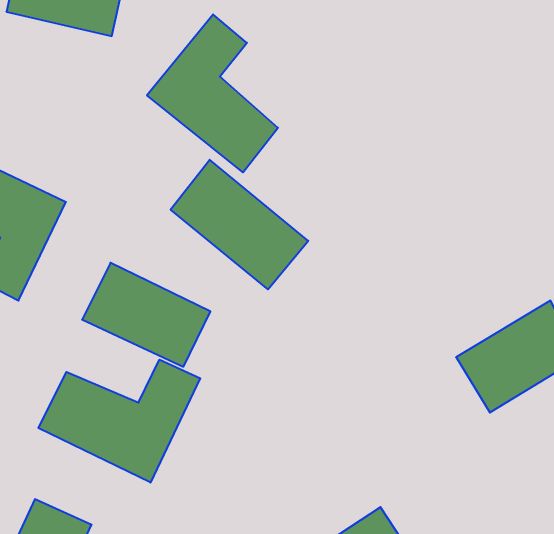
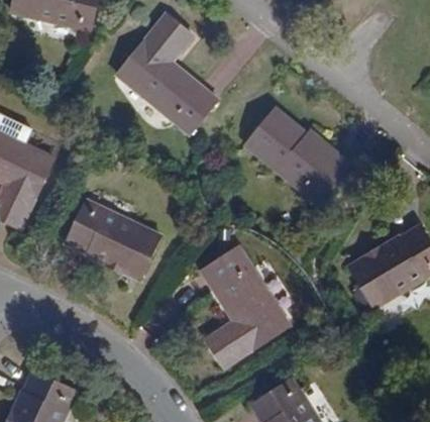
building: [171,160,308,289] -> [246,116,349,213]
building: none -> [202,256,290,375]
building: [38,360,200,483] -> none

